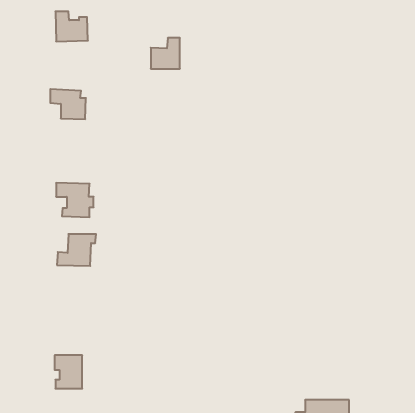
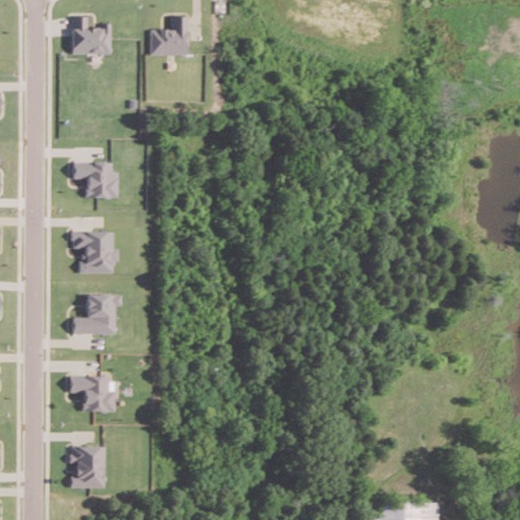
building: [151,38,180,69] -> [149,17,186,56]
building: [50,89,86,119] -> [73,161,118,199]
building: none -> [69,376,114,412]

